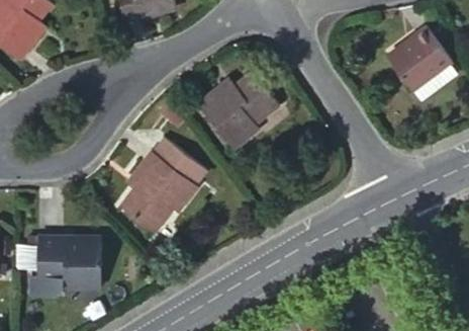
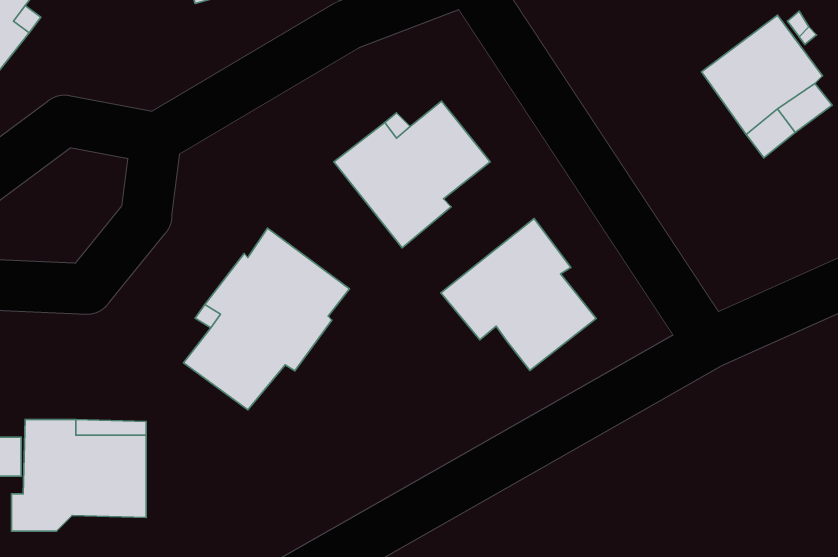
building: none -> [441,219,596,371]

